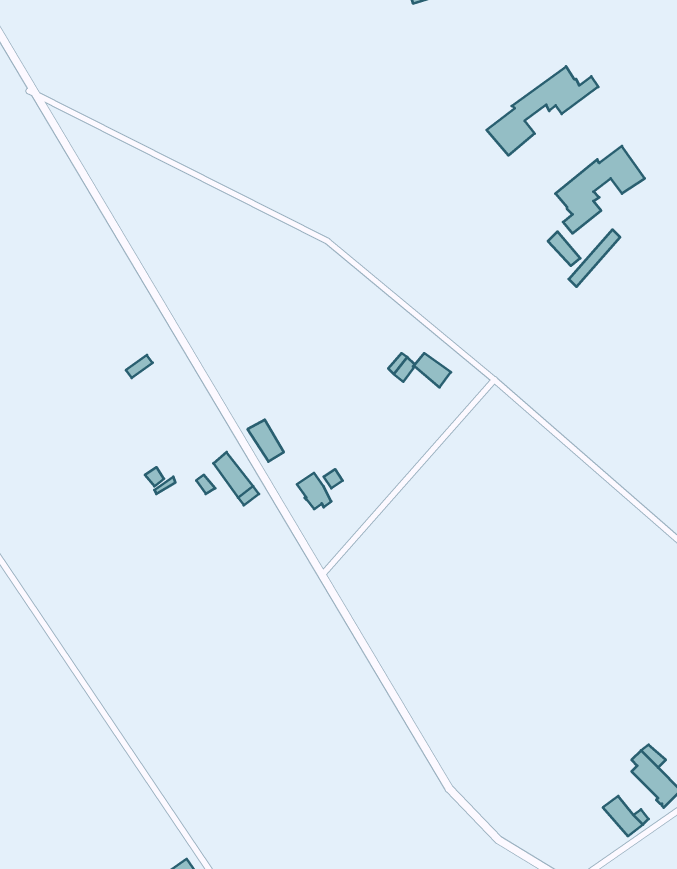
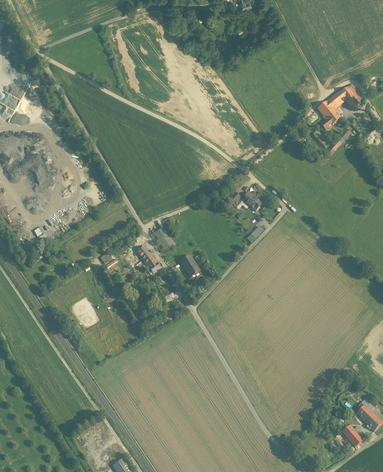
building: [487,66,598,155] -> none

